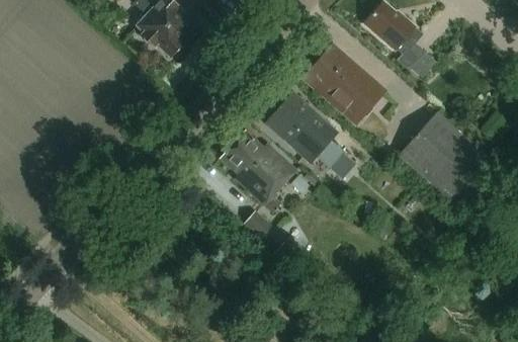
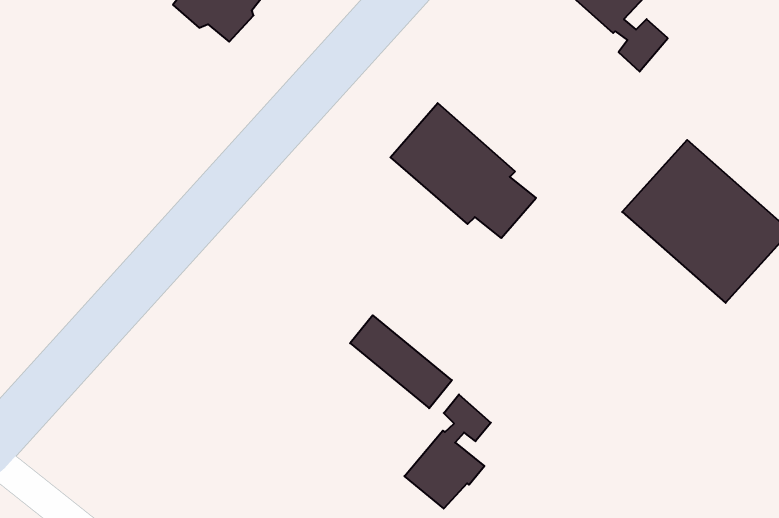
building: [304,44,384,122] -> none
building: [221,131,295,210] -> none
building: none -> [404,394,491,509]

